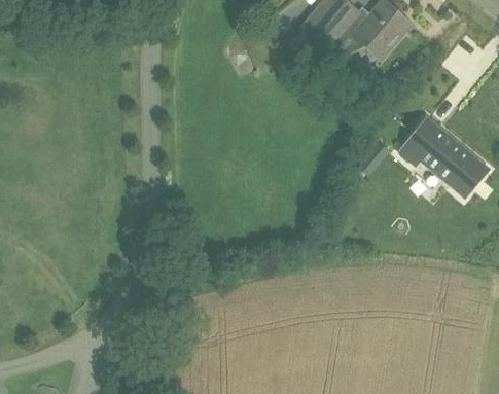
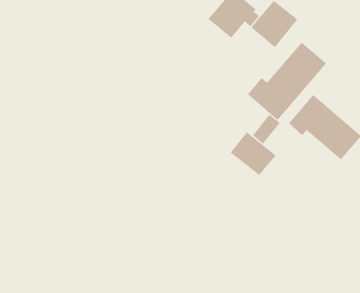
building: none -> [247,42,327,121]
building: none -> [230,132,276,176]

